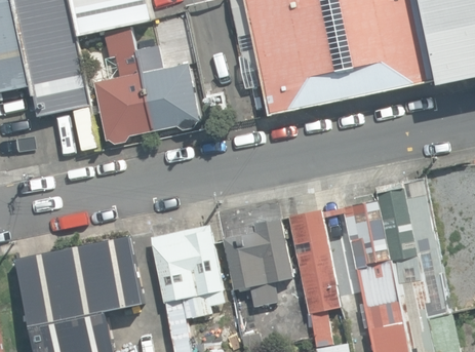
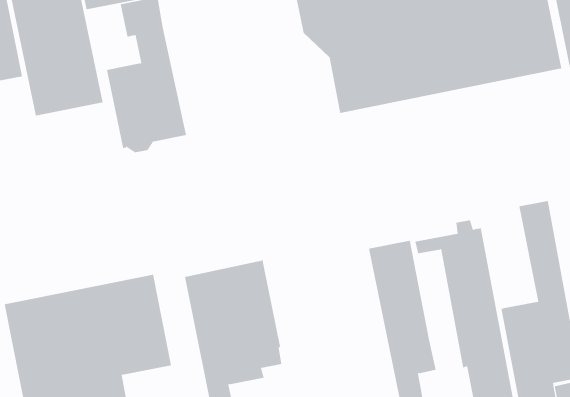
building: [136,45,200,130] -> none
building: [377,184,418,261] -> none
building: [224,219,293,306] -> none

